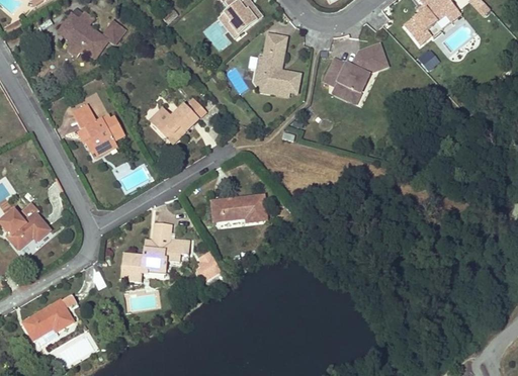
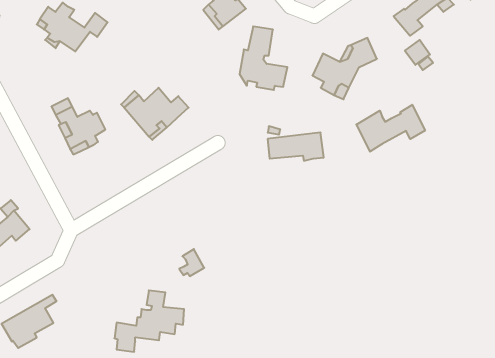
building: none -> [356,105,425,152]
building: [212,195,267,222] -> [268,133,324,161]
building: [122,221,190,281] -> [114,290,184,352]

